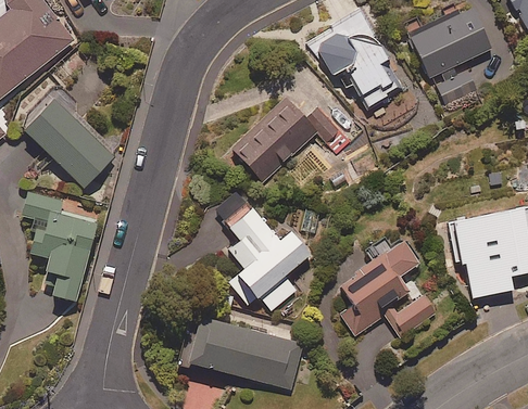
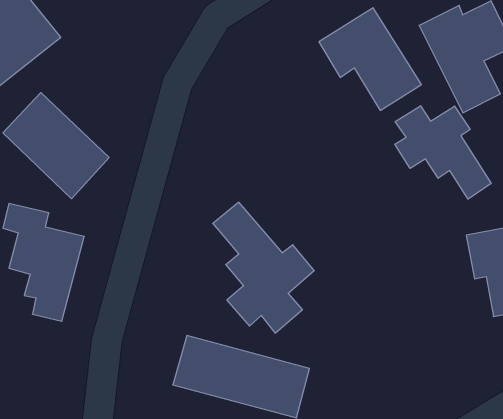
building: [231,98,352,182] -> none
building: none -> [395,106,491,199]
building: [337,238,438,340] -> none

